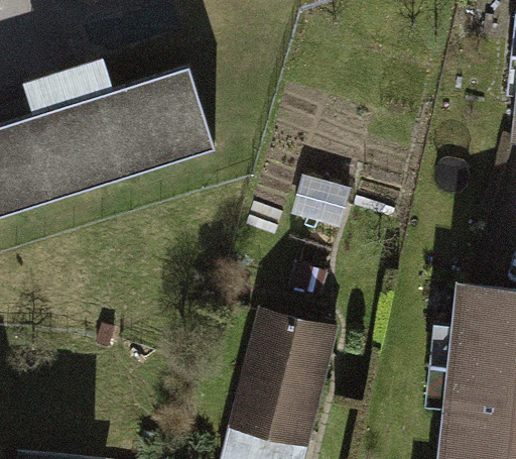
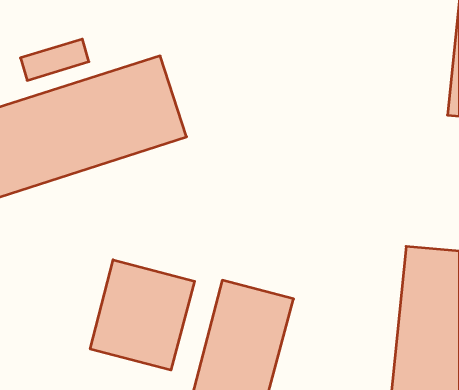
building: none -> [90,260,195,370]

